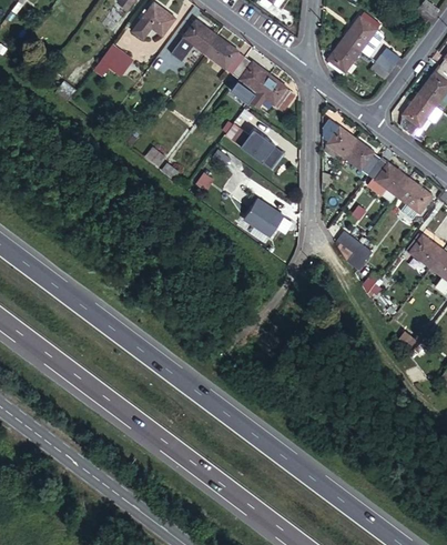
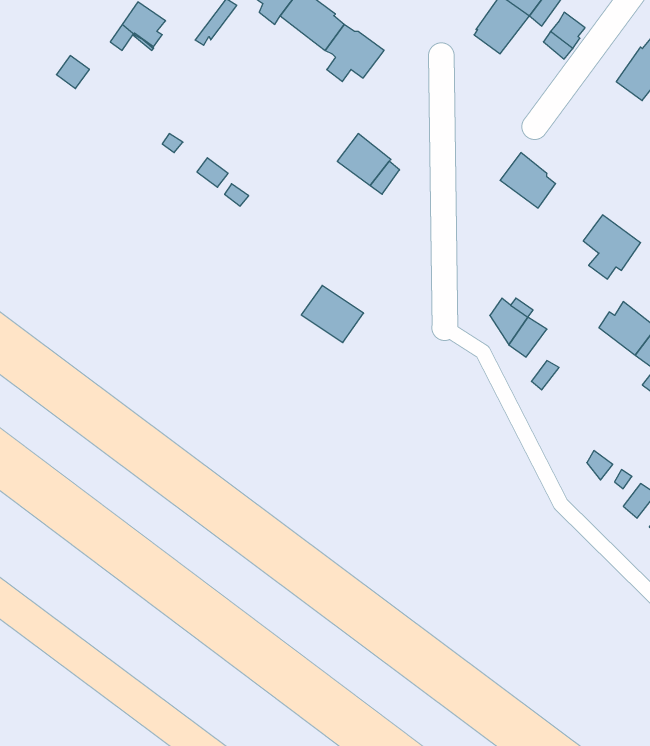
building: [251,74,295,112] -> none
building: [403,94,435,137] -> none
building: [325,120,357,159] -> none
building: [368,160,409,198] -> none
building: [244,196,284,233] -> [301,285,364,343]

